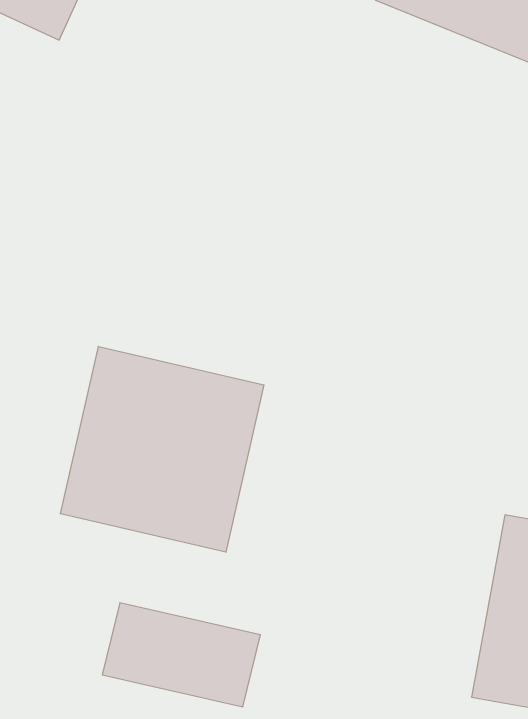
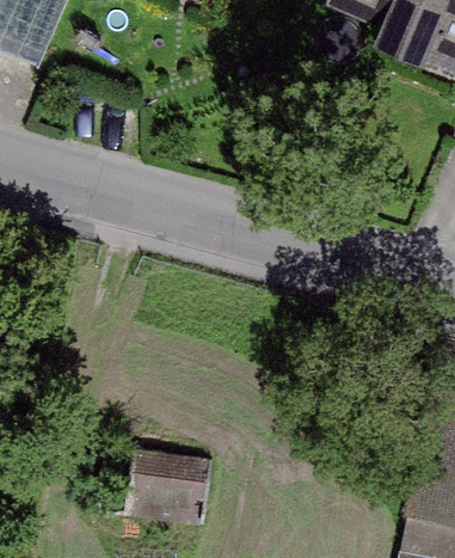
building: [60,346,264,552] -> none

